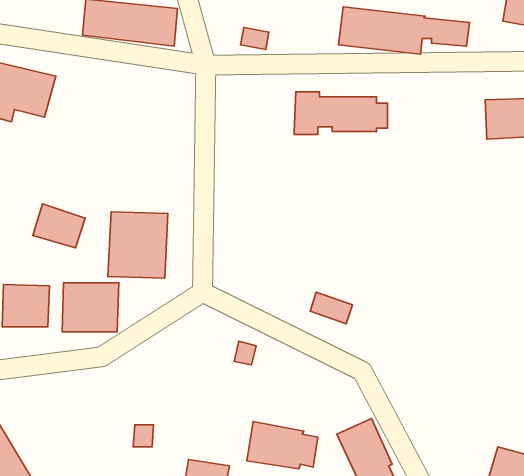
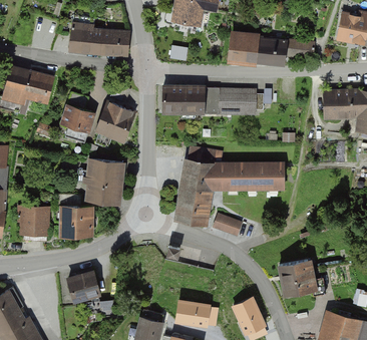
building: none -> [162,85,205,111]
building: none -> [94,102,135,143]
building: none -> [176,146,284,223]
building: [33,204,85,248] -> [60,105,93,133]
building: none -> [280,261,312,296]
building: none -> [64,272,99,302]

